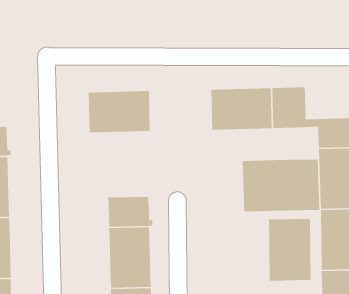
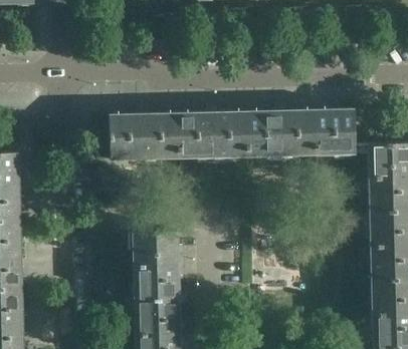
building: none -> [179,110,248,157]
building: [242,159,320,212] -> none
building: [268,218,311,281] -> none

